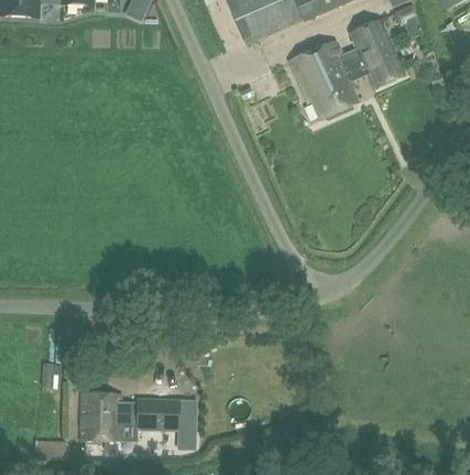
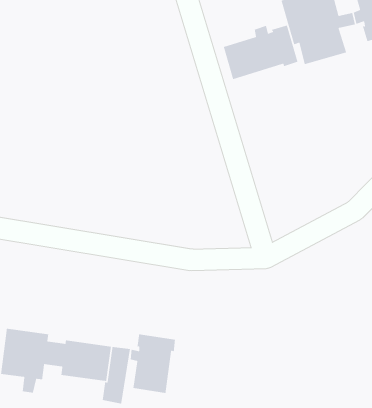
building: none -> [223,25,299,80]
building: none -> [130,333,176,394]

